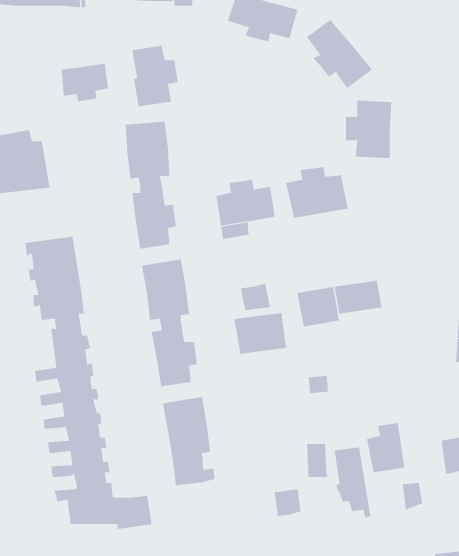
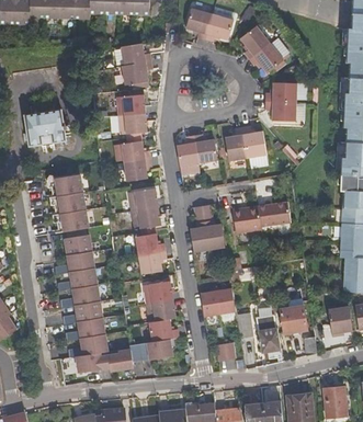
building: [61,63,109,102] -> none
building: none -> [200,289,236,318]
building: none -> [129,340,171,362]

